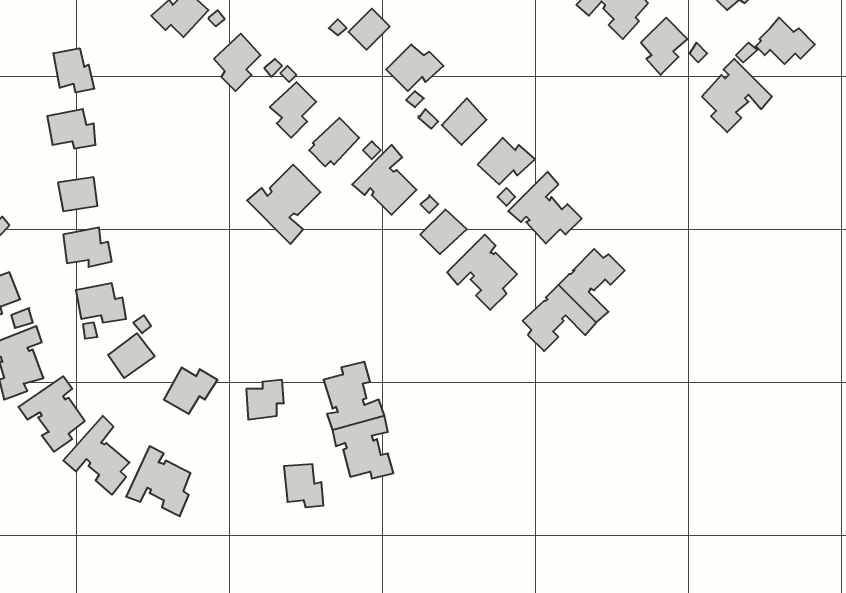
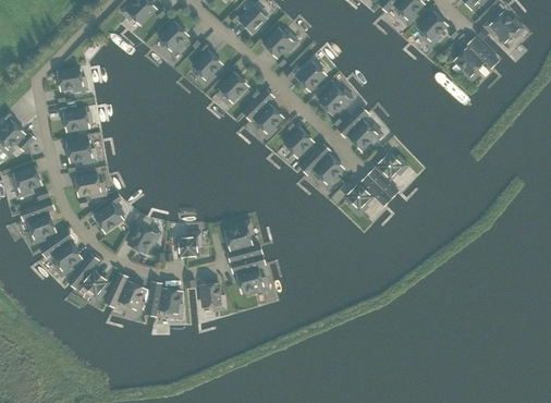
building: [53,48,94,92] -> none
building: [247,165,321,244] -> none
building: none -> [146,282,183,319]

